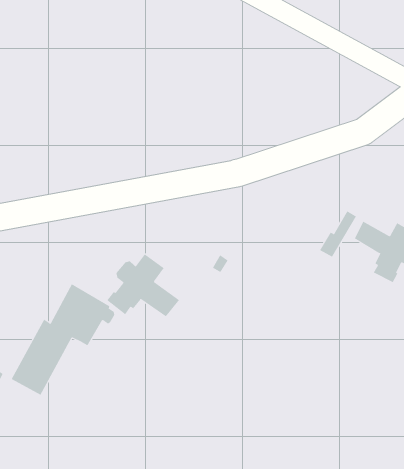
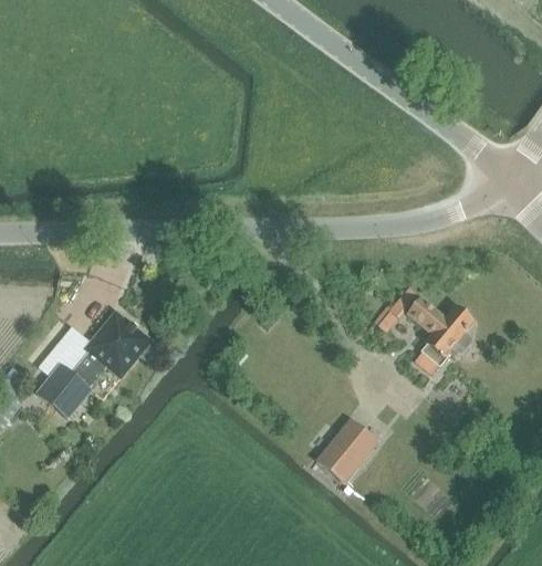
building: [107,254,180,317] -> none
building: none -> [320,421,381,484]

